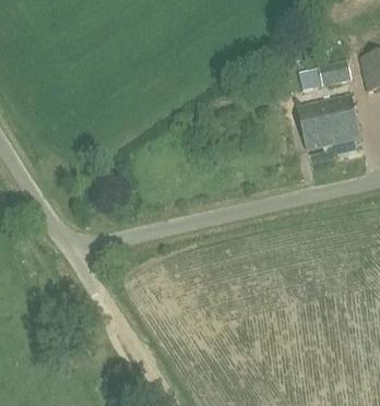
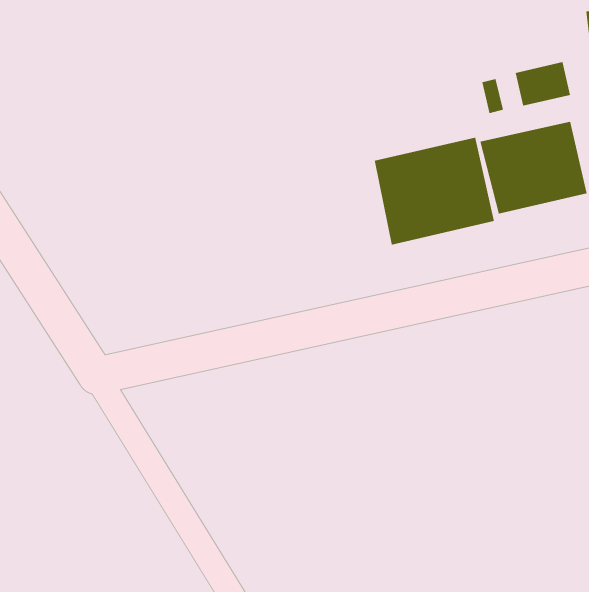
building: none -> [374,137,495,246]

